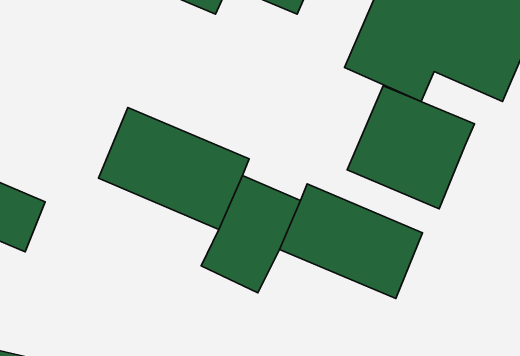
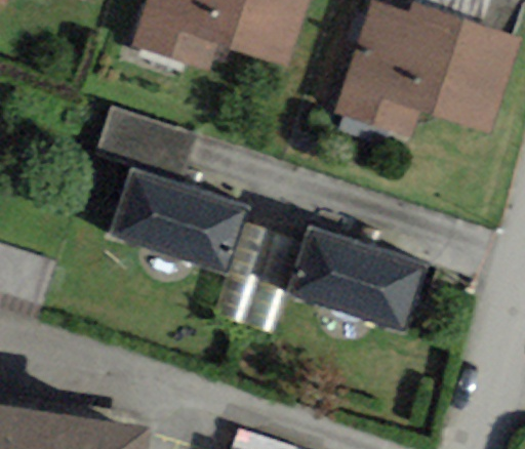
building: none -> [97,107,194,175]
building: [347,86,474,209] -> none

